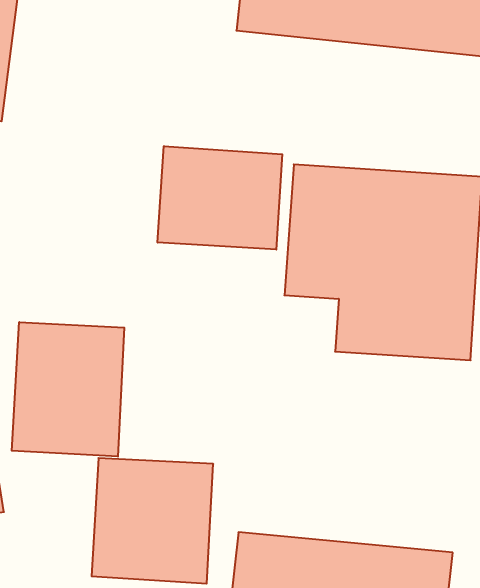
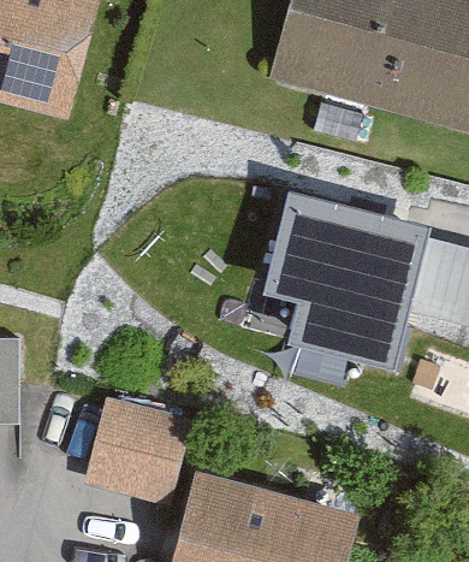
building: [158,146,282,250] -> none
building: [12,322,124,457] -> none

